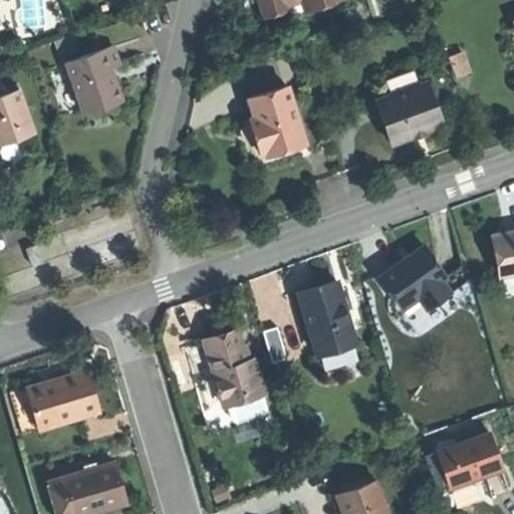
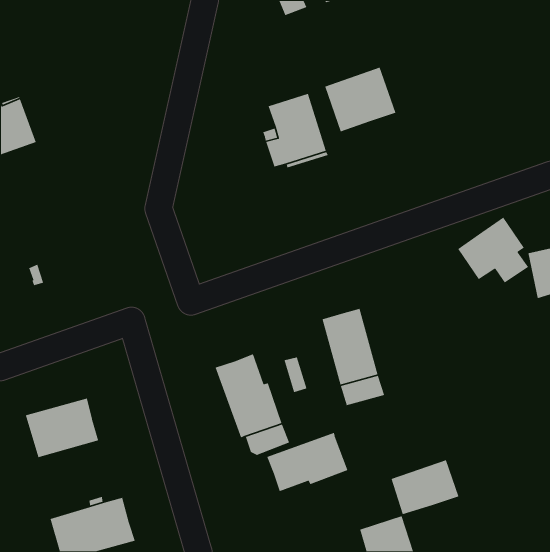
building: [67,46,124,112] -> none
building: [376,82,444,144] -> [324,67,396,132]
building: [383,248,451,310] -> [457,216,529,283]
building: none -> [266,432,349,492]
building: [439,437,503,489] -> [390,459,459,515]

